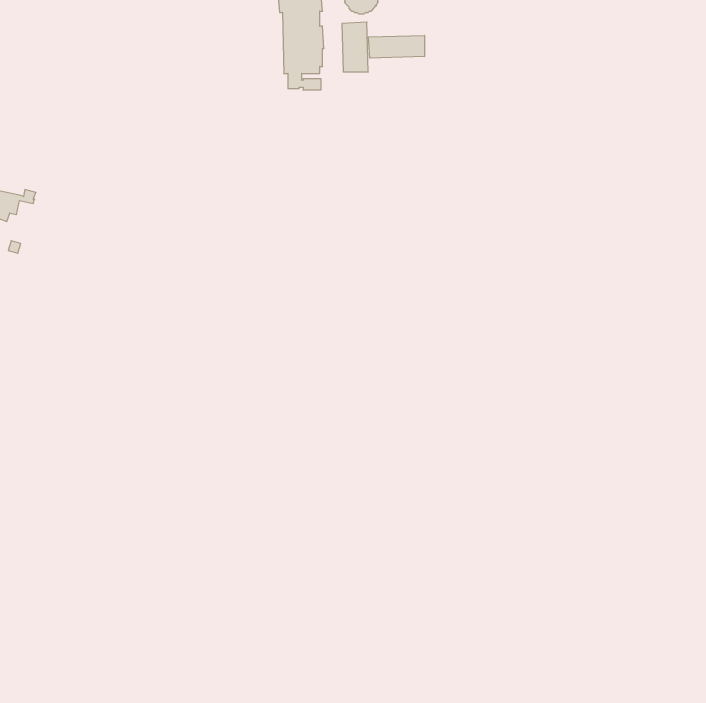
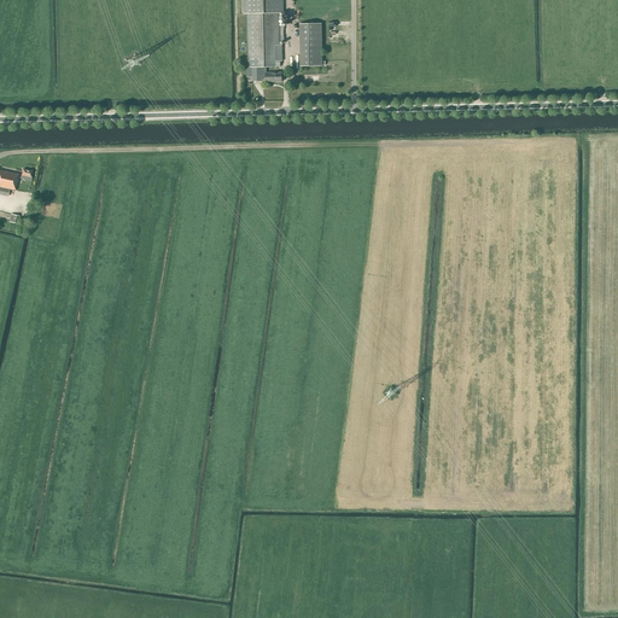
building: [368,35,425,58] -> none

